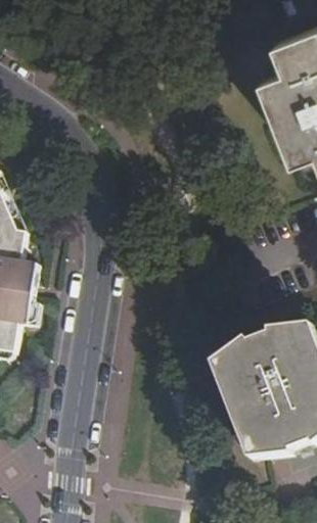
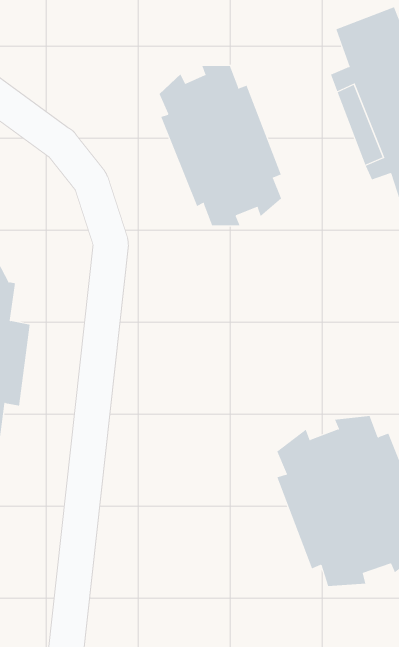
building: none -> [159,65,282,226]

